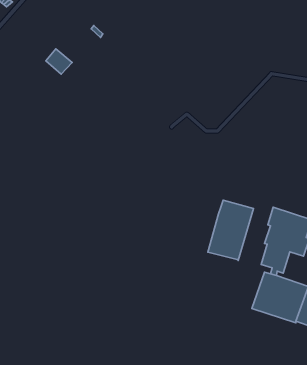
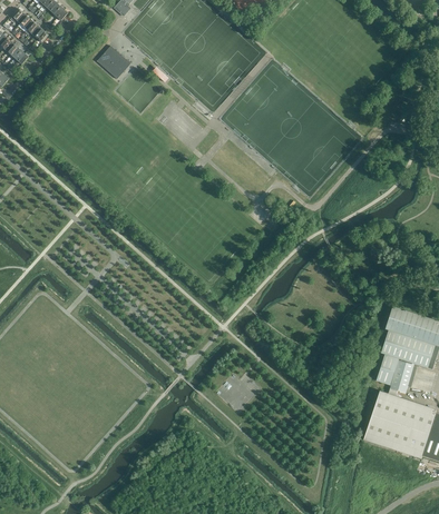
building: [46,49,72,74] -> [96,45,130,78]
building: [208,200,254,260] -> none

